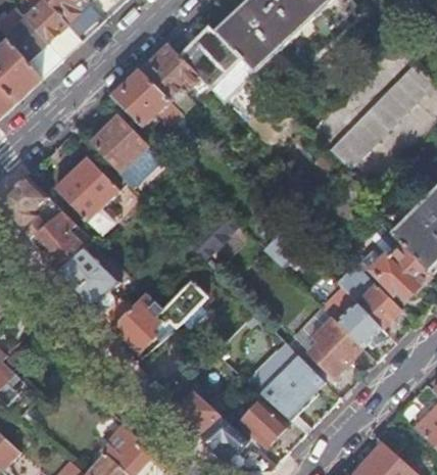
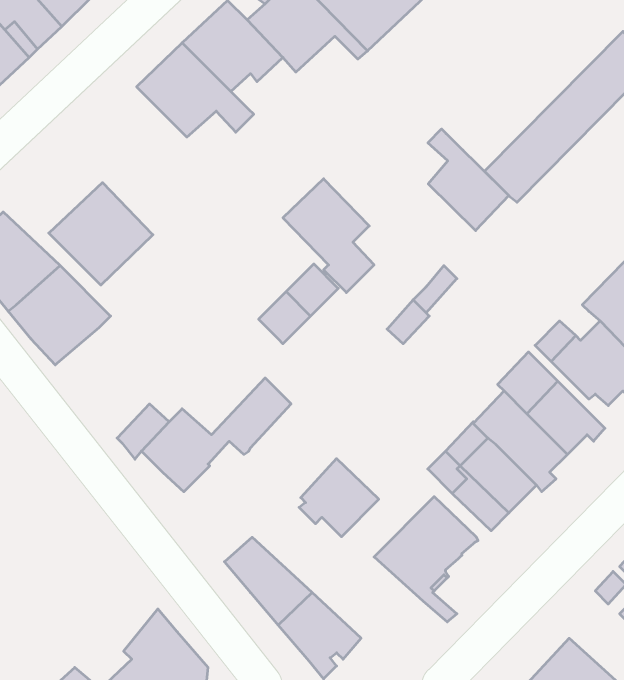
building: [93,116,150,188] -> [283,179,374,293]
building: none -> [428,129,509,231]
building: [59,247,120,307] -> none
building: [238,396,288,445] -> [299,459,379,537]

